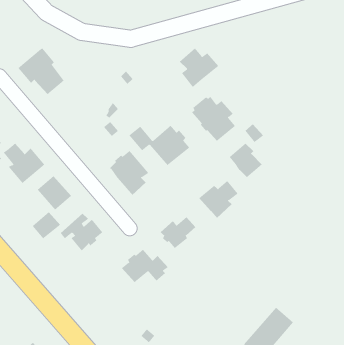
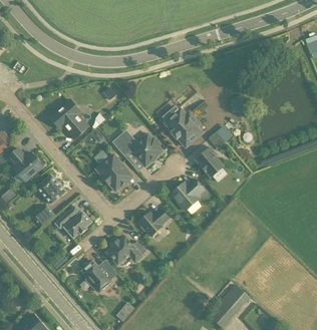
building: [179,47,219,88] -> none
building: [17,48,64,95] -> [49,99,88,138]
building: none -> [81,261,117,292]

